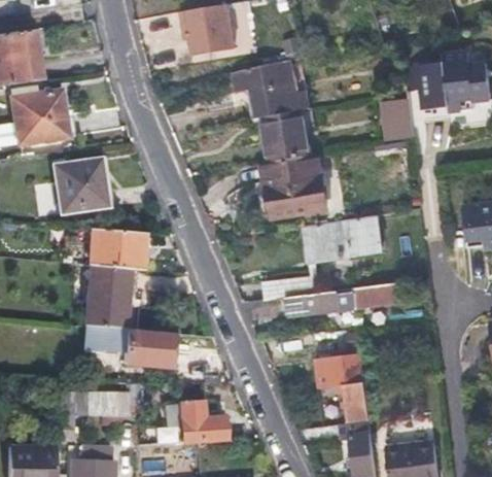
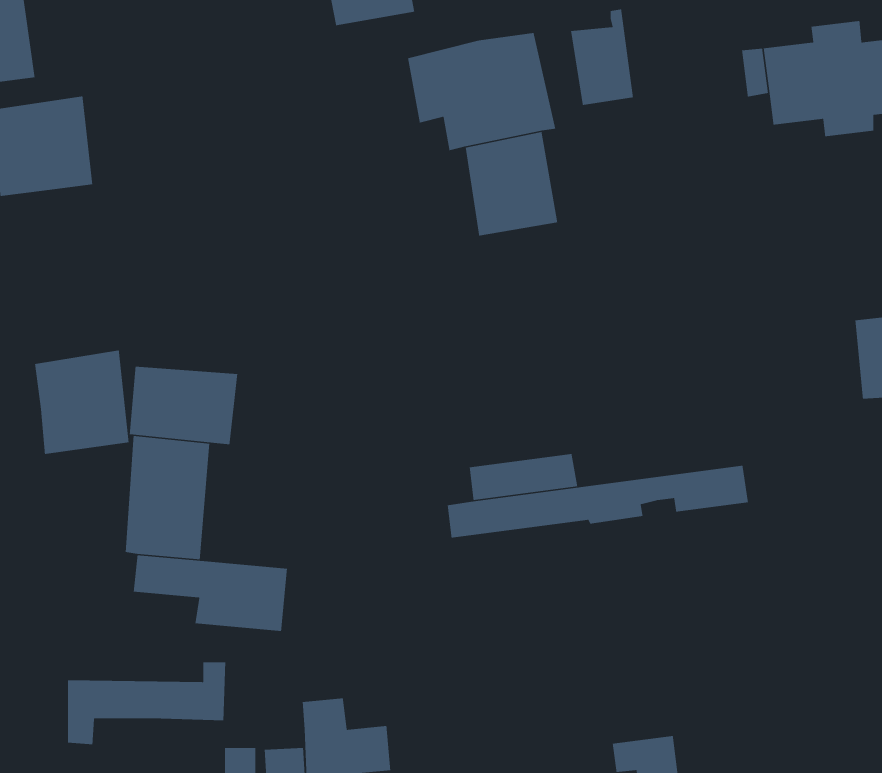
building: [379,90,412,140] -> [570,9,634,106]
building: [260,156,327,219] -> none
building: [54,159,103,213] -> [34,349,130,455]
building: [305,215,381,262] -> none
building: [315,352,370,421] -> none

